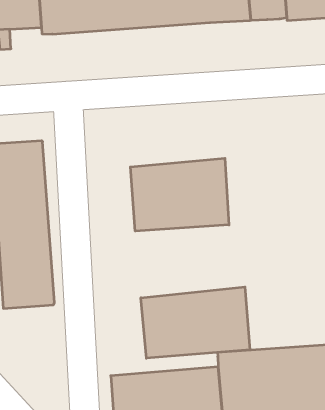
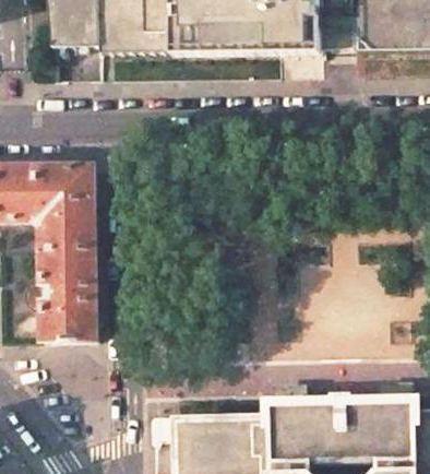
building: [130,158,229,231] -> none
building: [141,287,250,358] -> none

